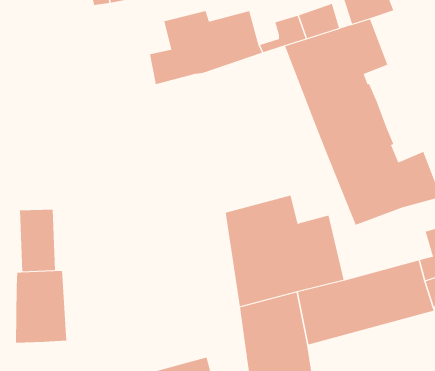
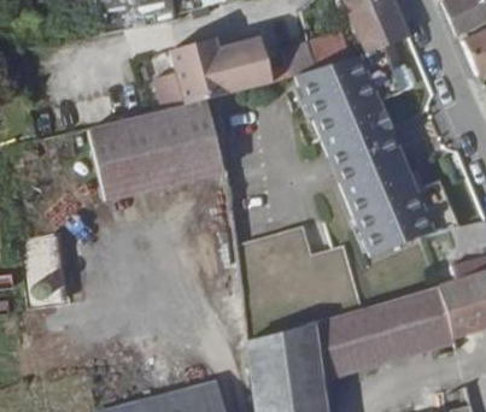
building: none -> [89,101,222,199]
building: [16,270,67,344] -> none

